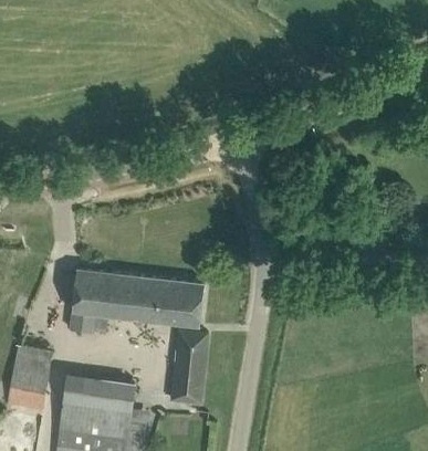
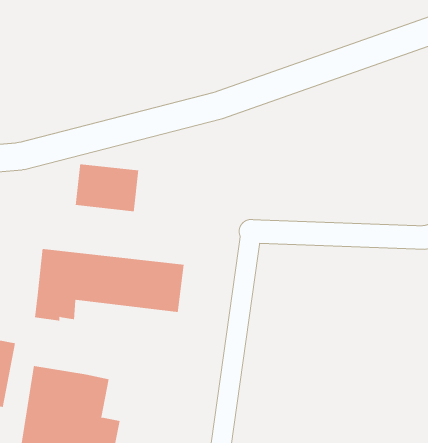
building: none -> [75,163,139,212]
building: [170,332,208,405] -> none

